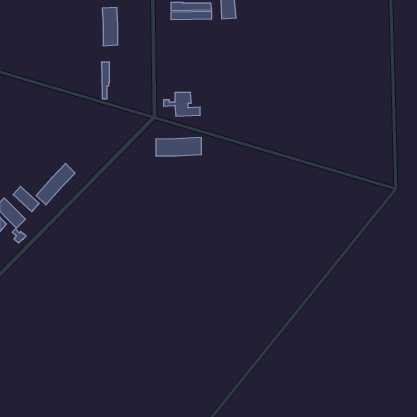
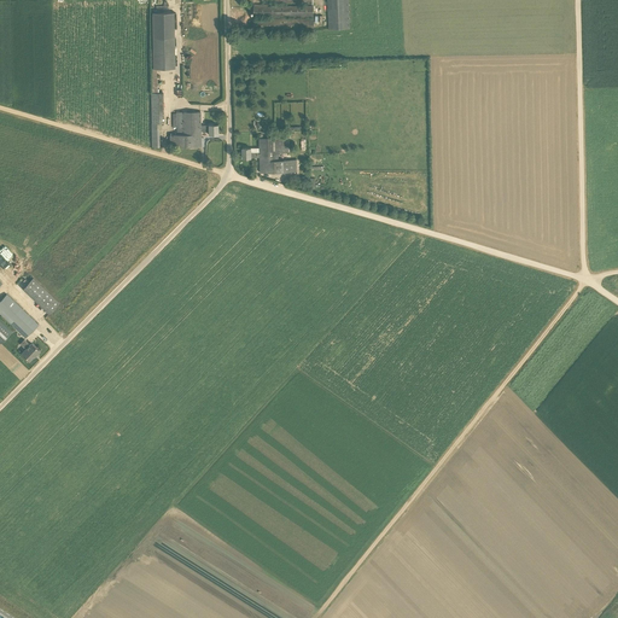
building: none -> [169,110,217,146]
building: [156,137,201,156] -> none
building: [36,163,75,205] -> none

